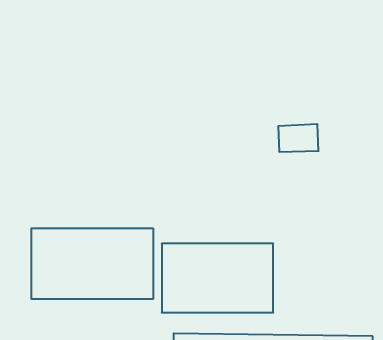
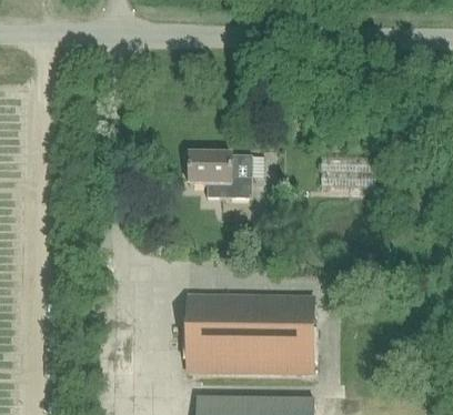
building: none -> [188,153,250,192]
building: [31,228,153,299] -> none

